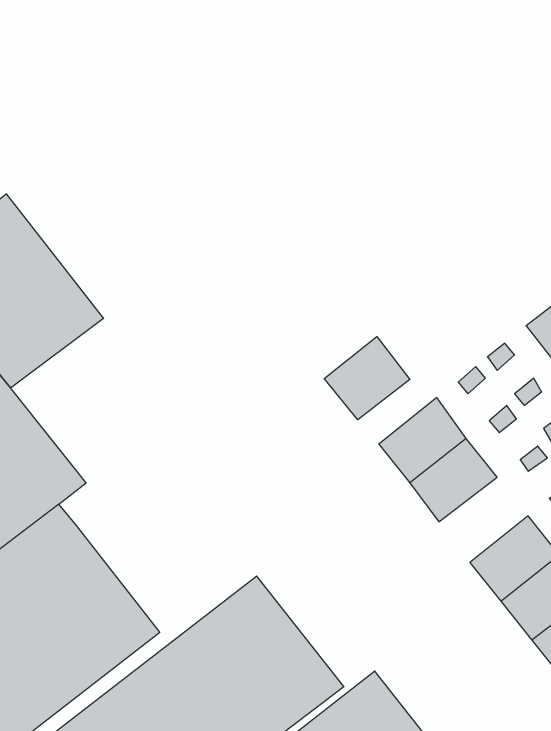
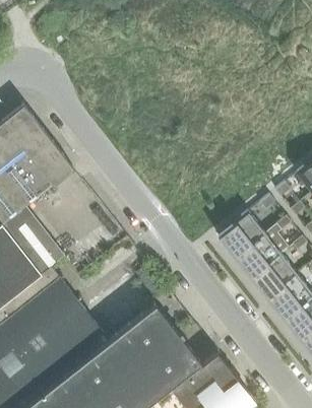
building: [324,337,410,420] -> none
building: none -> [250,253,297,297]

